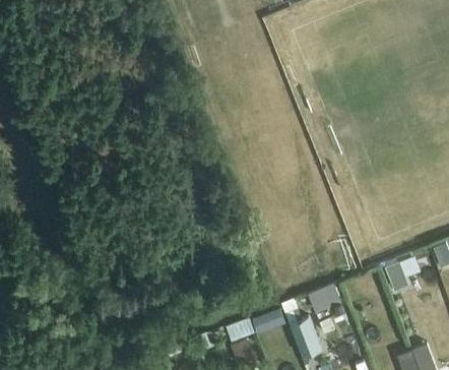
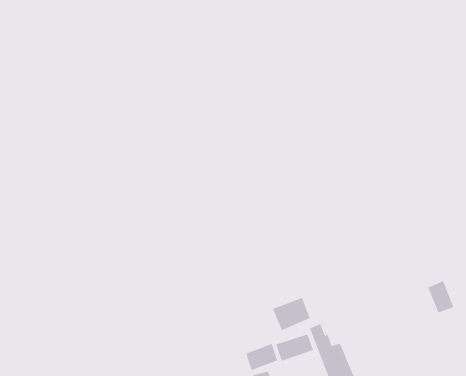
building: [308,285,341,314] -> [272,297,311,331]

